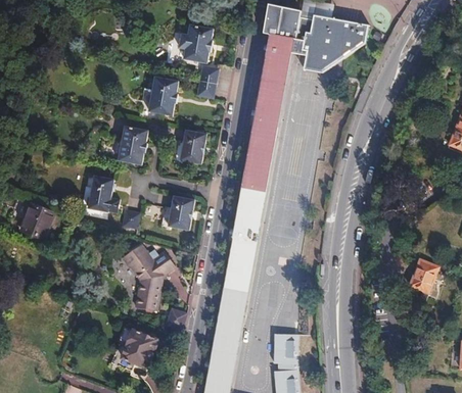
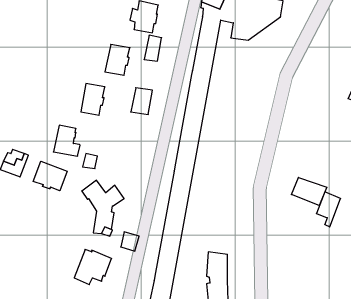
building: [168,197,194,231] -> none
building: none -> [33,161,67,191]
building: none -> [291,177,327,205]

